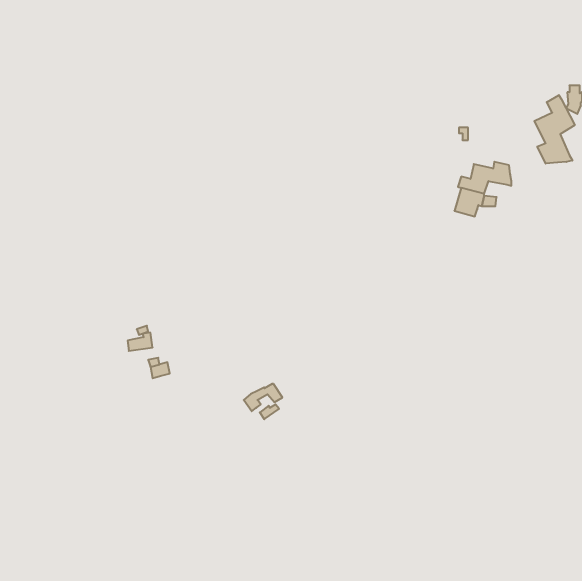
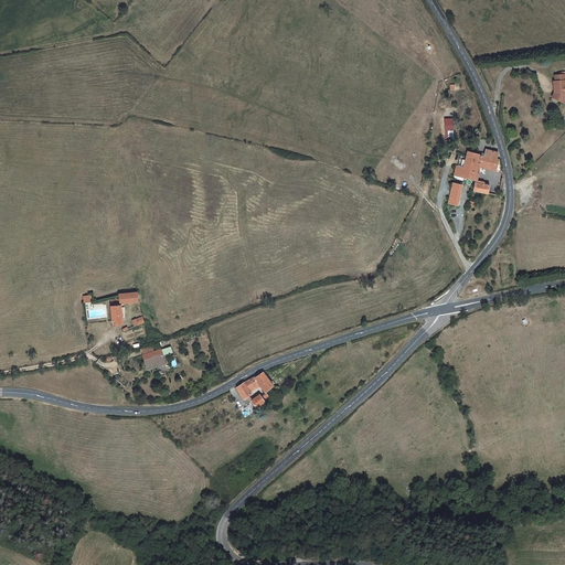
building: [534,95,575,164] -> none
building: none -> [109,291,139,327]

